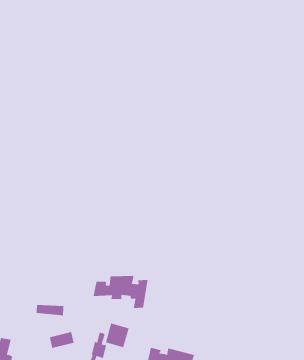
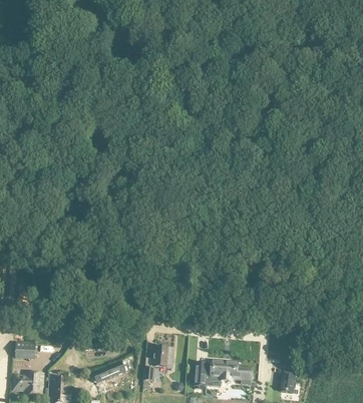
building: [93,275,148,309] -> none

